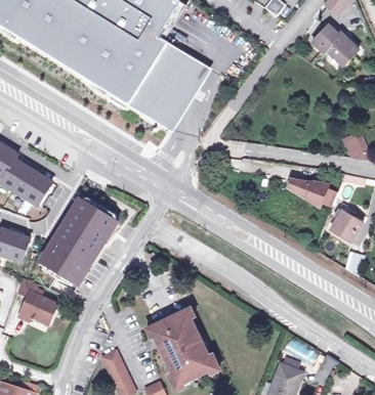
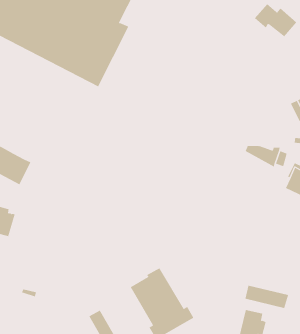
building: [132,40,215,130] -> none
building: [42,198,117,286] -> none
building: [15,276,56,324] -> none
building: none -> [245,285,289,309]

